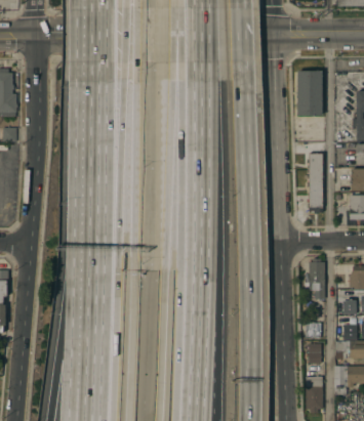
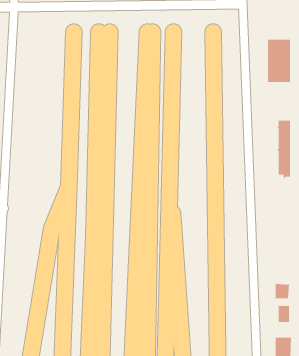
building: [309,258,325,298] -> none

